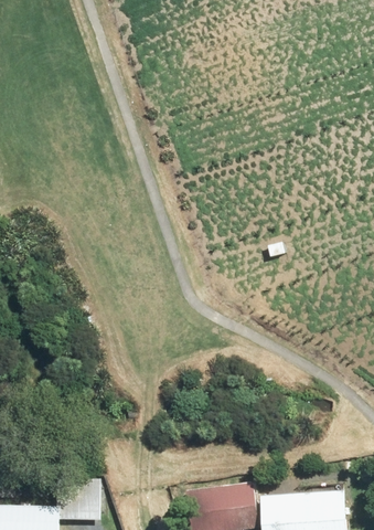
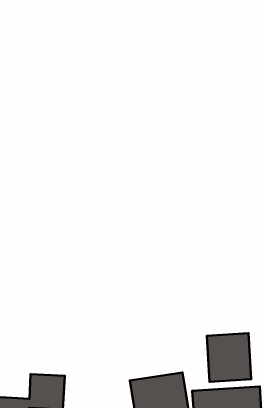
building: none -> [207,333,251,382]

